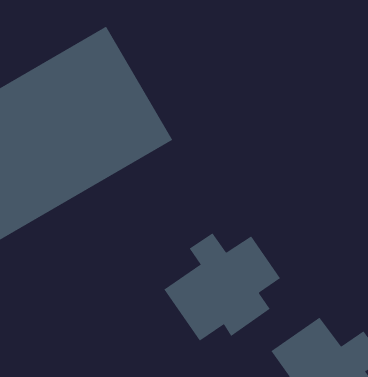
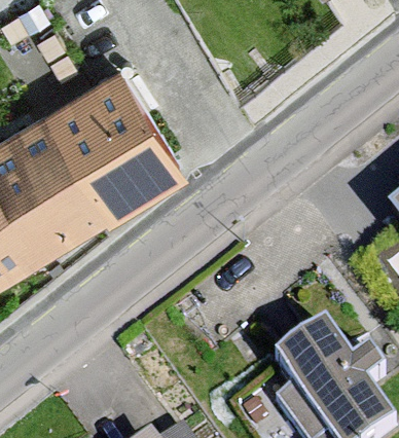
building: [163,233,281,342] -> none

